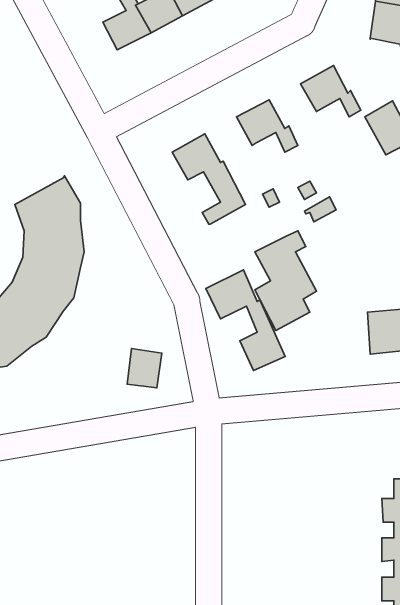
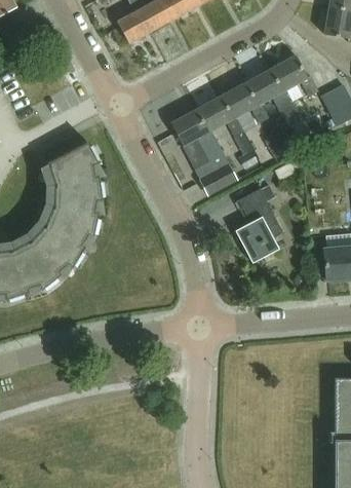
building: none -> [246,69,292,112]
building: none -> [196,95,243,136]
building: none -> [200,163,237,194]
building: [206,270,285,370] -> none
building: [127,348,162,388] -> none

